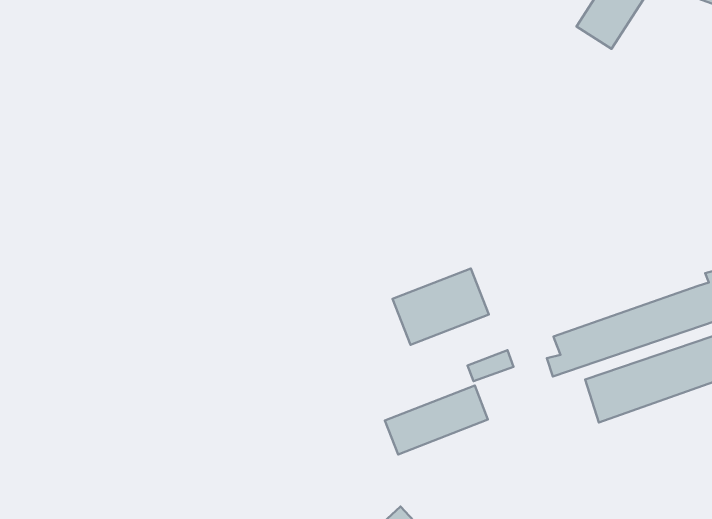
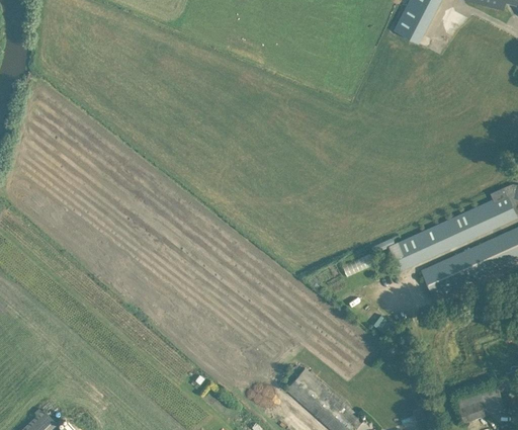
building: [393,268,489,345] -> none
building: [385,386,488,454] -> none

